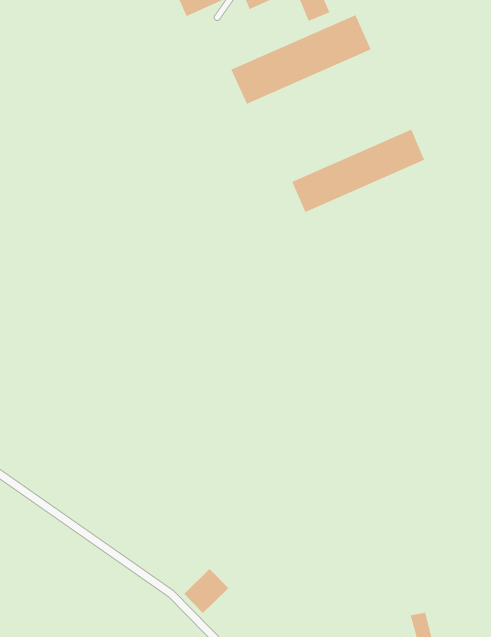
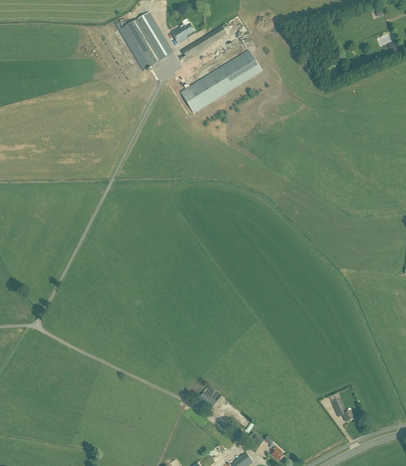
building: [292,129,425,213] -> none

